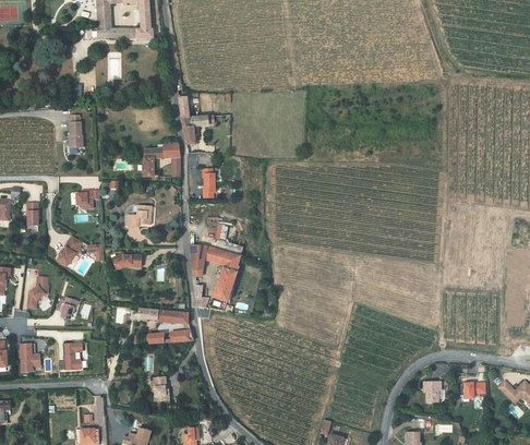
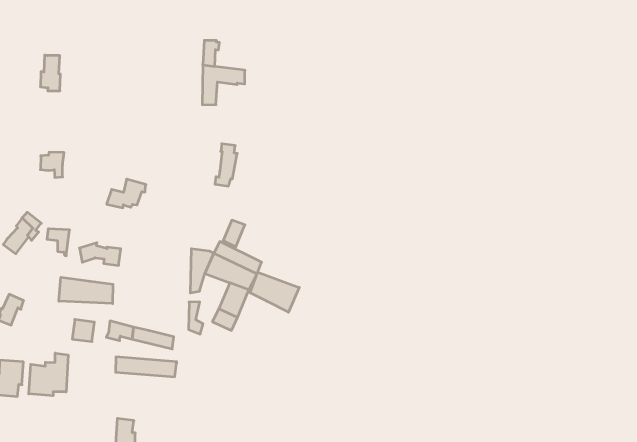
building: [148,144,180,176] -> none
building: none -> [250,272,299,312]
building: none -> [59,277,113,304]
building: none -> [29,353,68,396]

